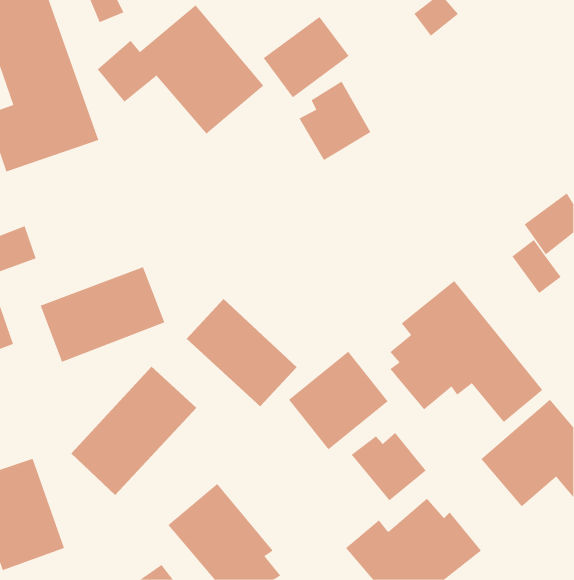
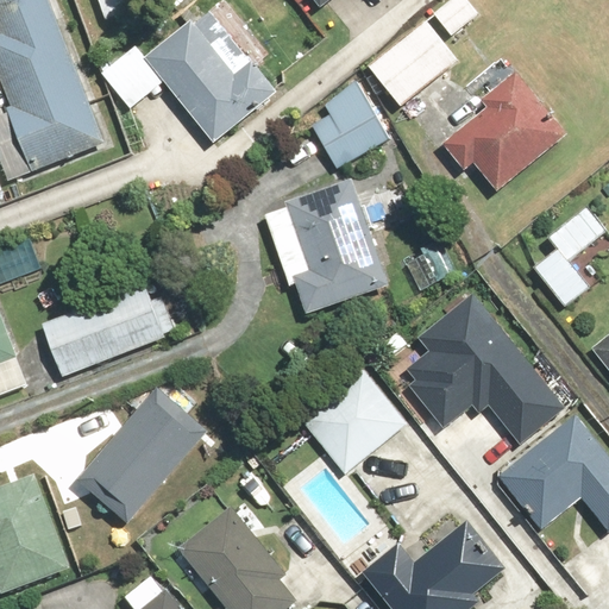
building: [263,16,349,98] -> [368,21,458,107]
building: none -> [444,69,569,189]
building: none -> [262,181,389,310]
building: [186,298,298,407] -> none
building: [351,432,427,501] -> none

